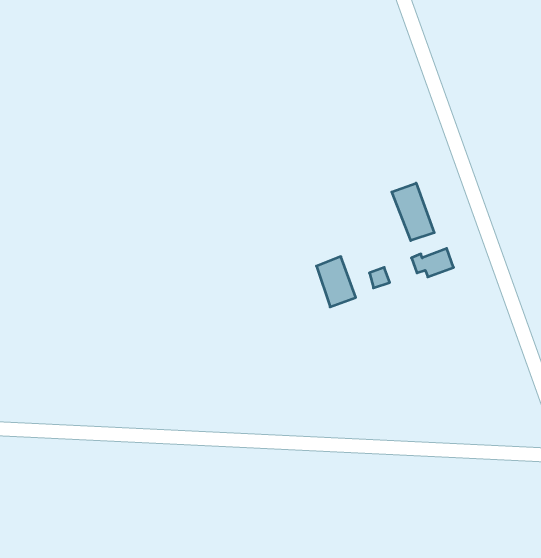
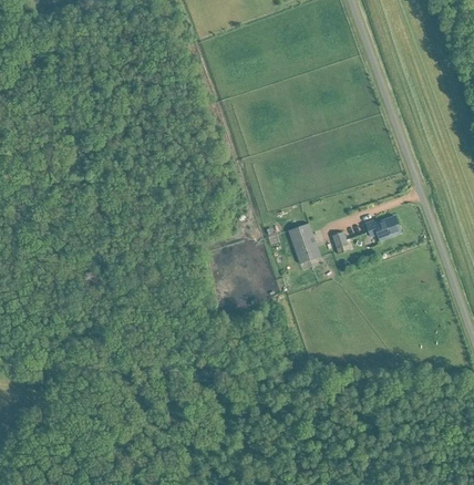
building: [392,183,434,241] -> none

